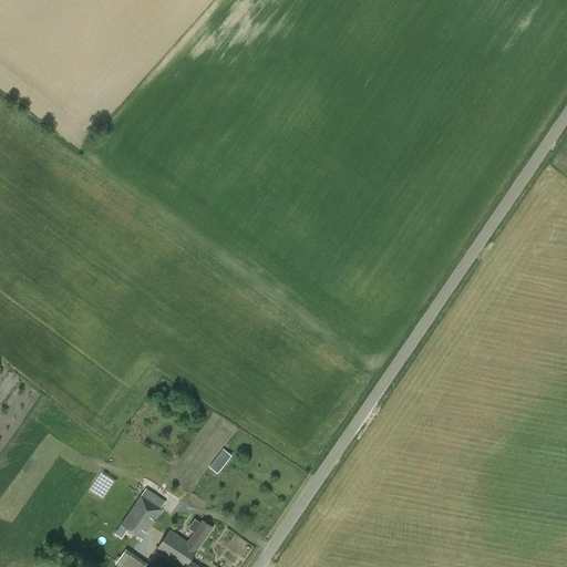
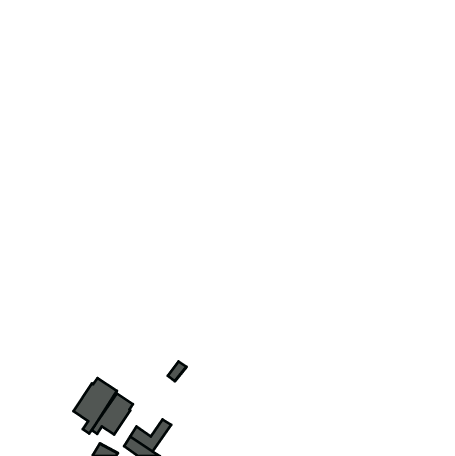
building: none -> [74,378,117,433]

